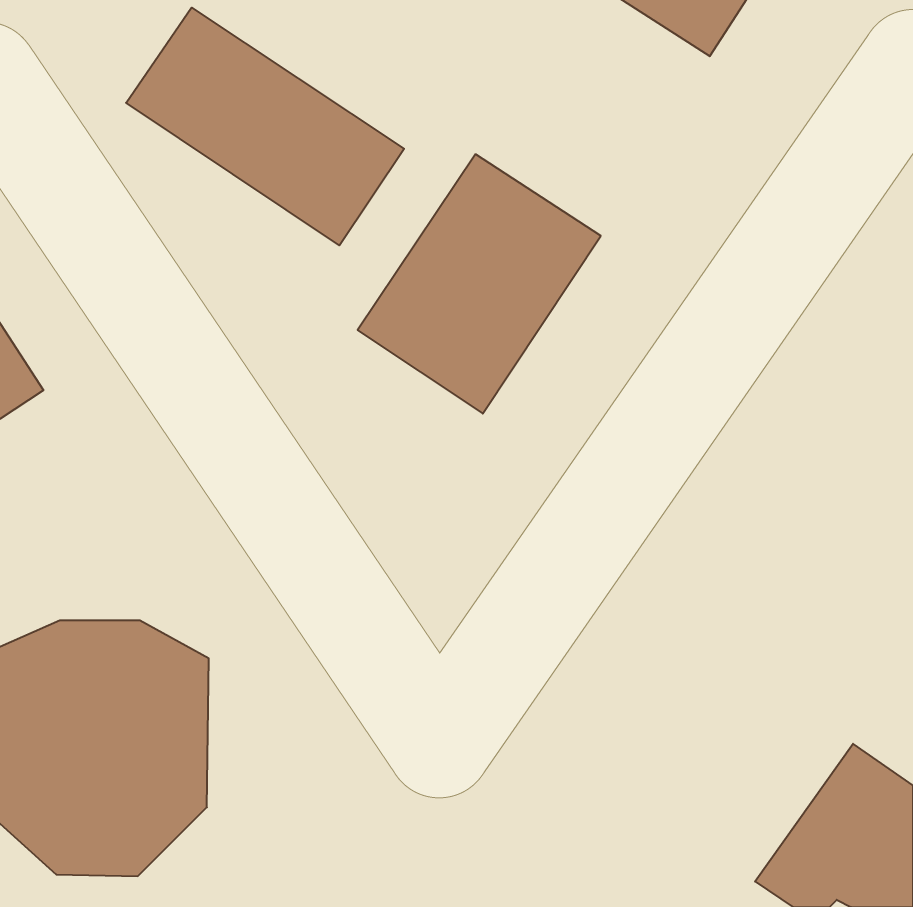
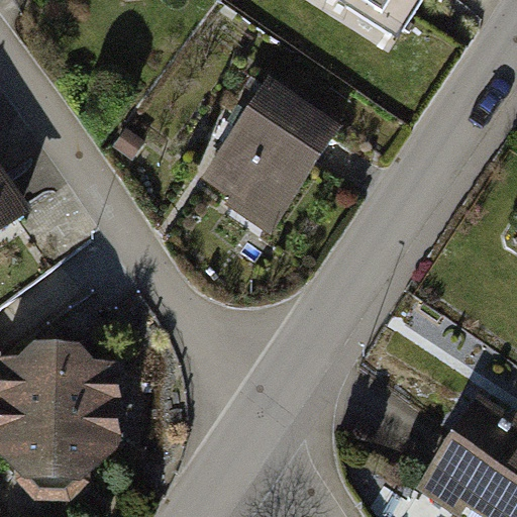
building: [126,8,404,245] -> none

